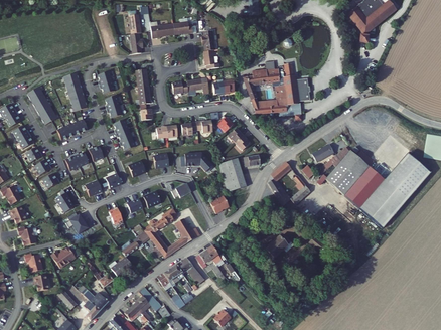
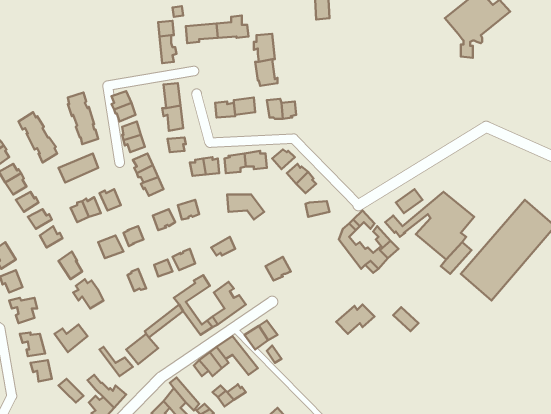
building: [243,60,310,116] -> none
building: [219,159,248,192] -> none

